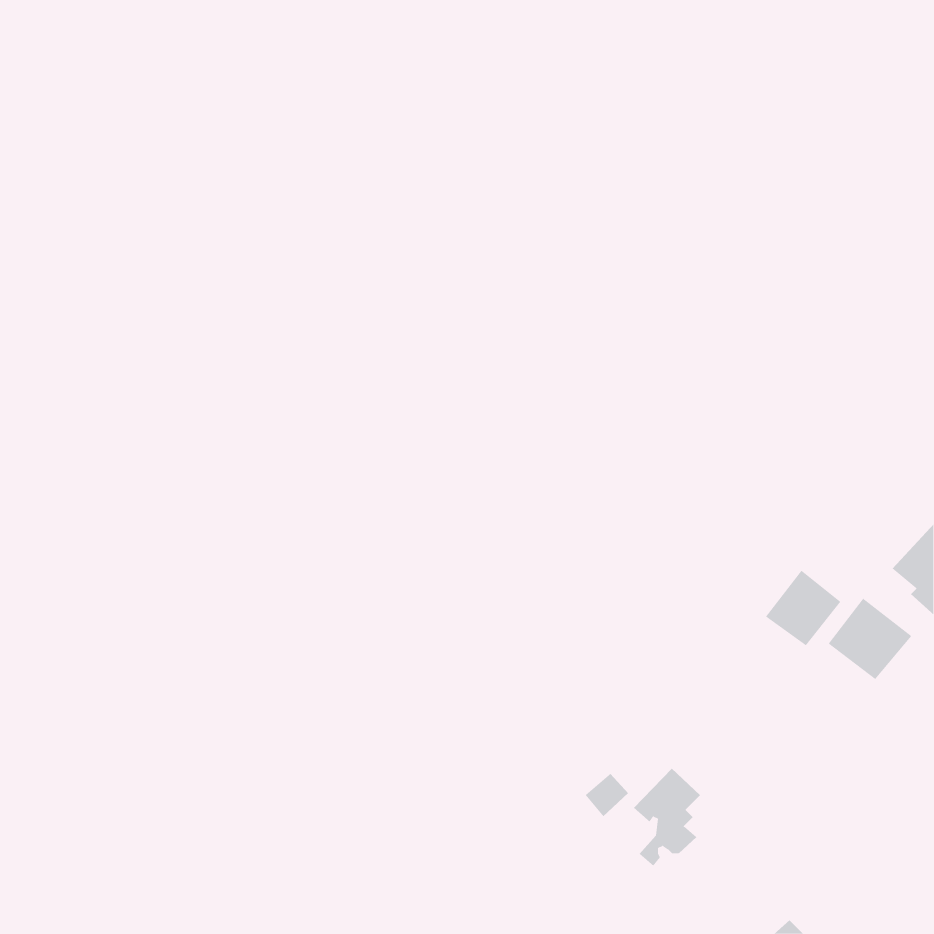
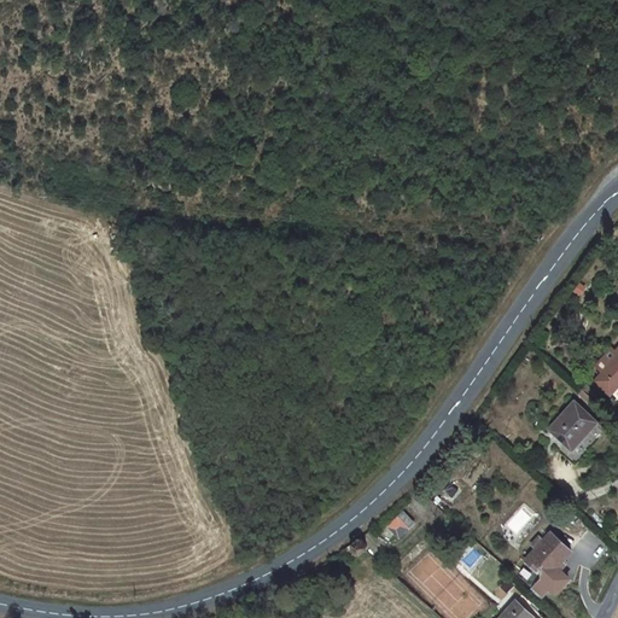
building: [765,570,841,646] -> none
building: [633,768,701,866] -> [526,536,571,601]

